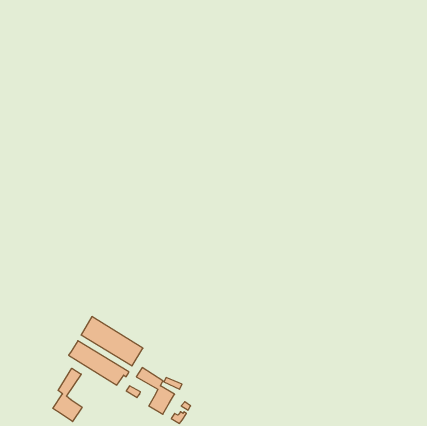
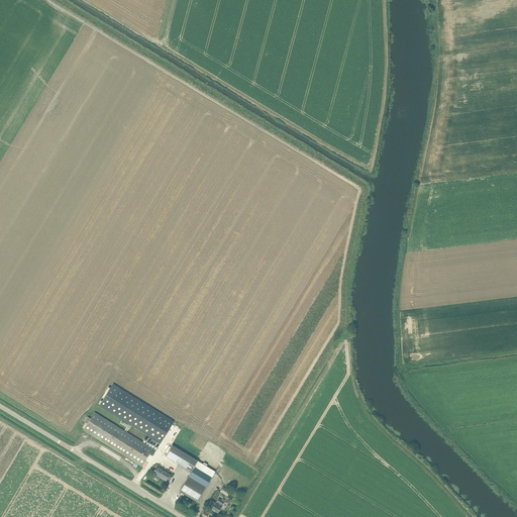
building: [53,368,82,422] -> none

